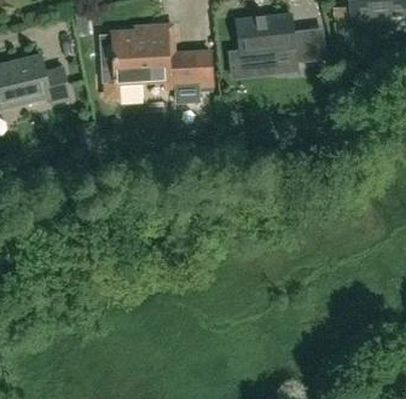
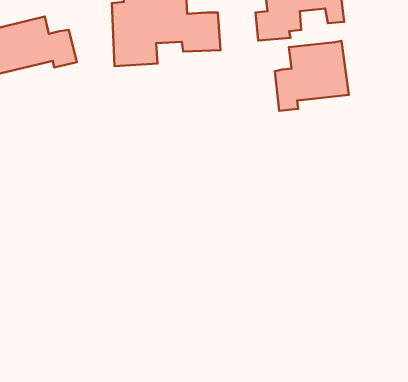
building: none -> [275,41,349,111]

